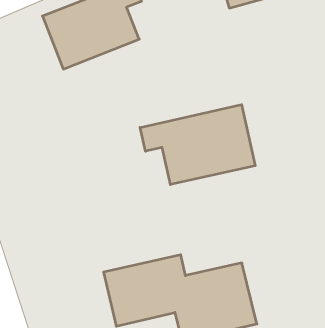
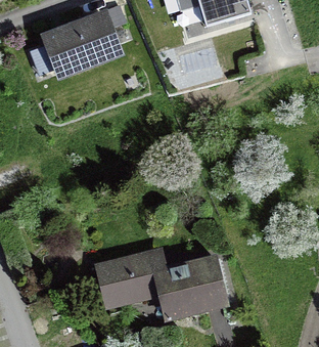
building: [140,105,255,185] -> none

